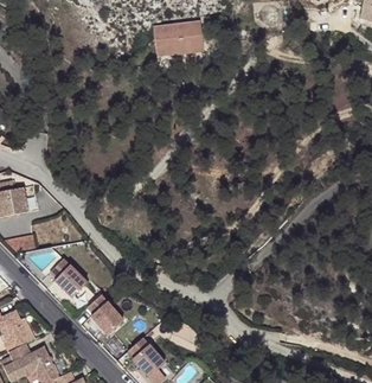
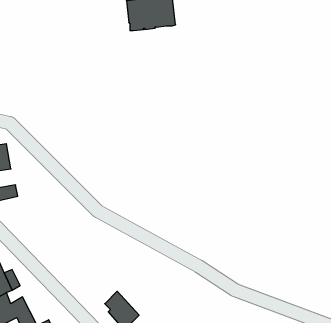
building: [57,251,88,291] -> none
building: [86,295,123,334] -> none

